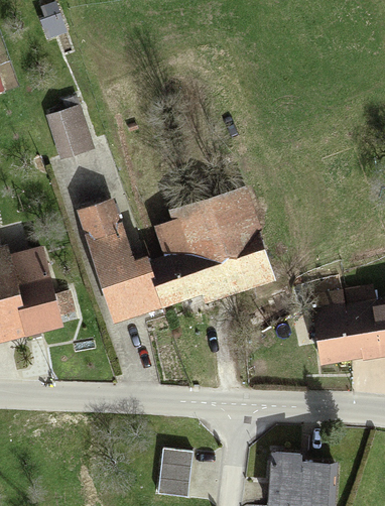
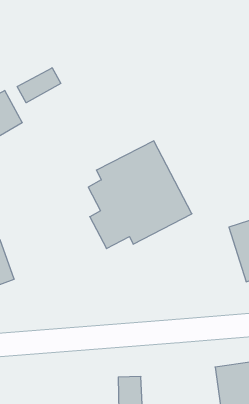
building: none -> [17,68,61,103]
building: [80,200,169,322] -> none

